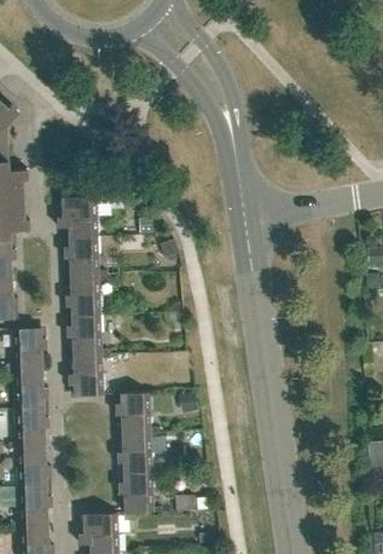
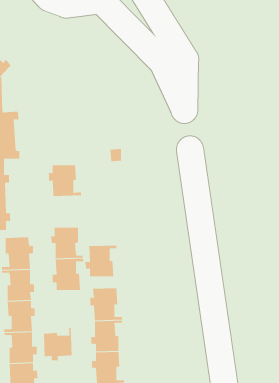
building: [59,195,105,236] -> none
building: [66,275,108,314] -> [85,245,117,277]
building: none -> [43,327,72,361]

